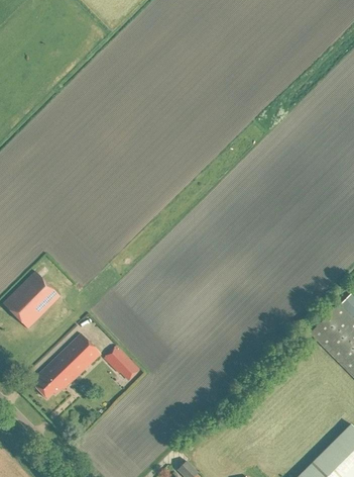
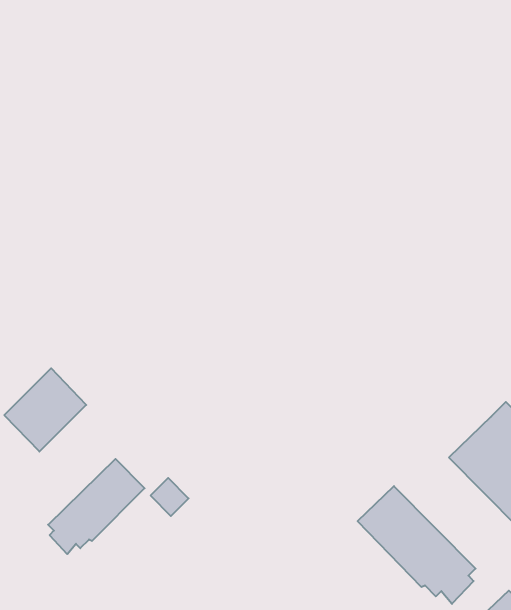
building: none -> [358,486,476,604]

